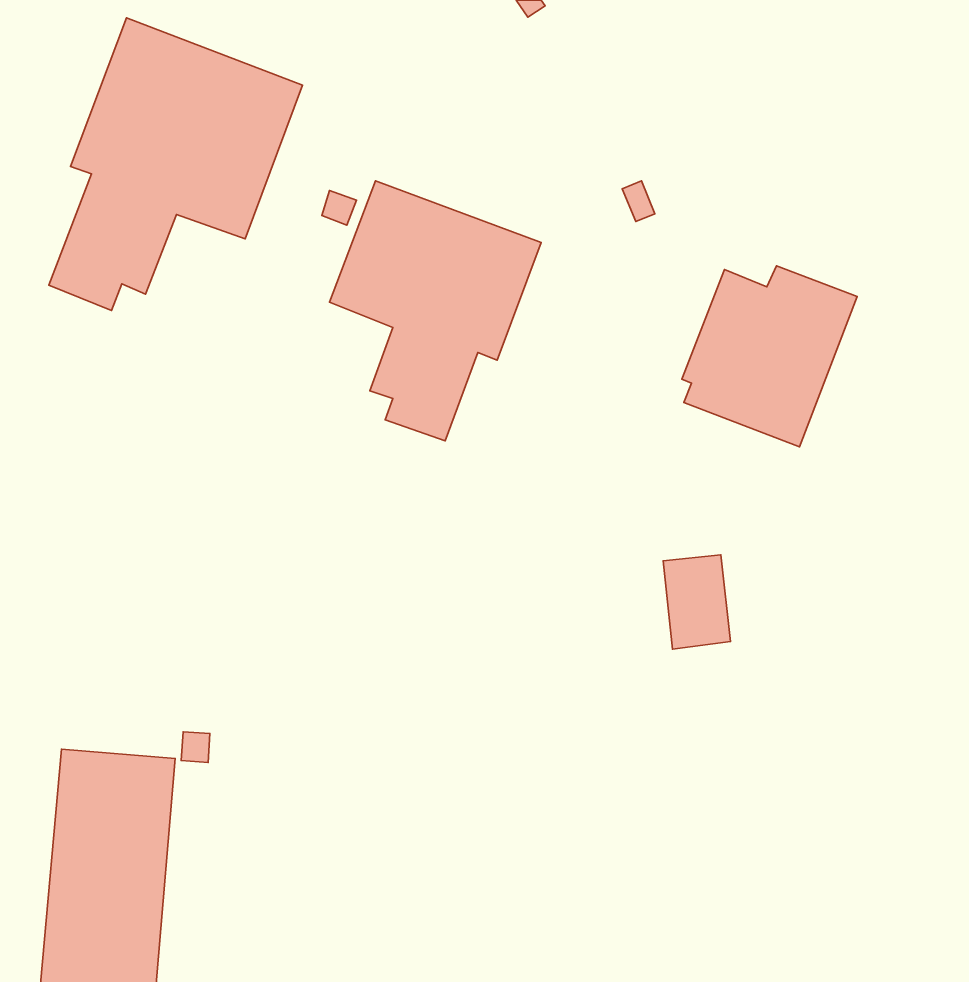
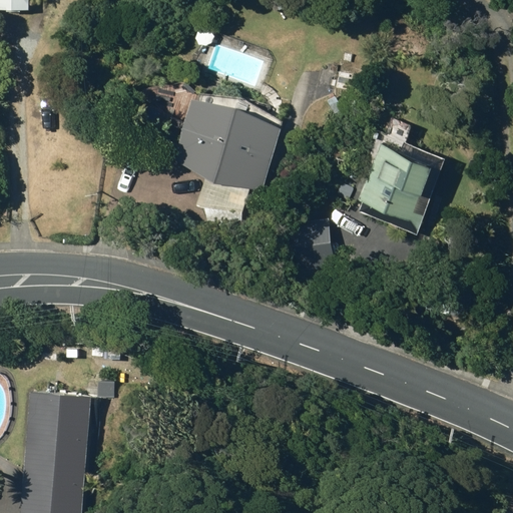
building: [49,18,303,310] -> none
building: [663,555,730,649] -> [296,220,331,270]

